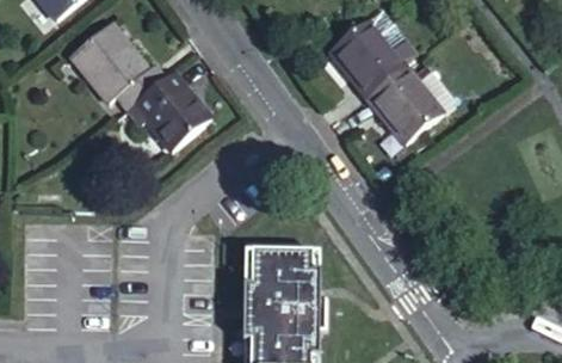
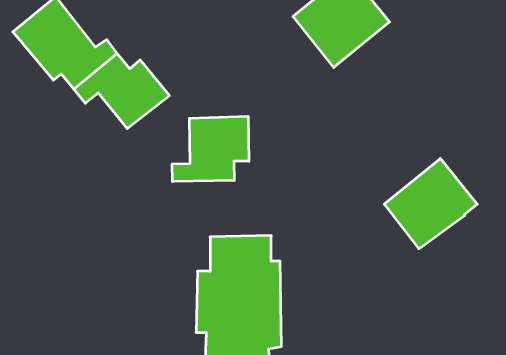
building: [366,44,453,129] -> [384,158,477,249]
building: none -> [172,116,249,182]

